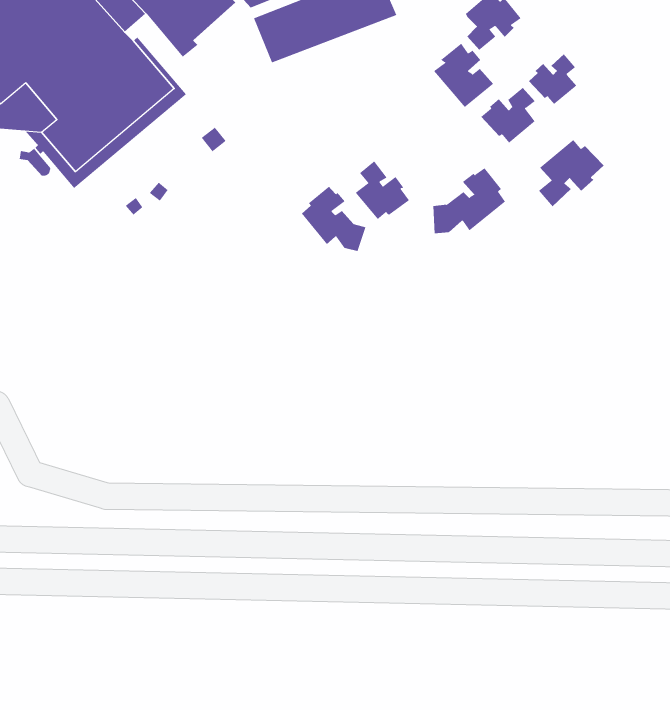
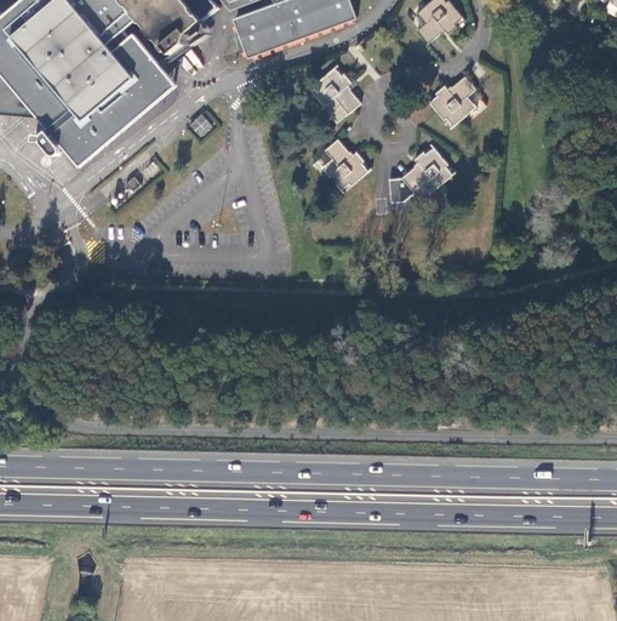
building: [433,43,494,108] -> [310,65,362,121]
building: [528,53,577,105] -> none
building: [538,139,605,207] -> none
building: [301,186,366,252] -> none

